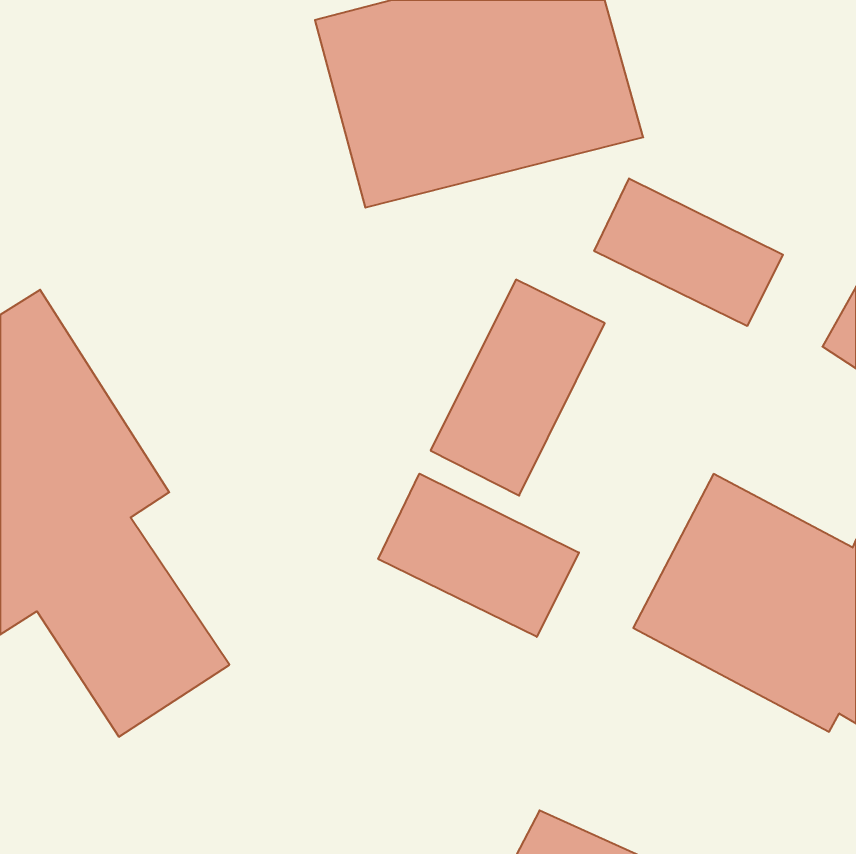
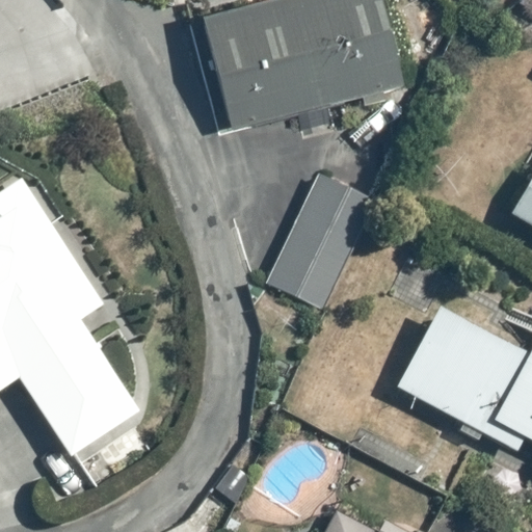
building: [594,178,783,326] -> none
building: [378,474,579,637] -> none

